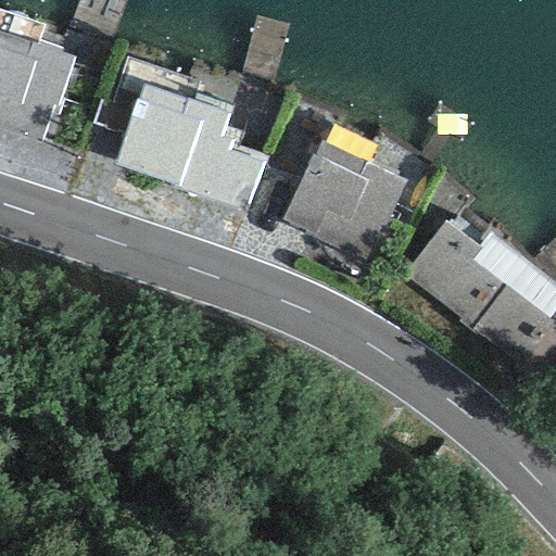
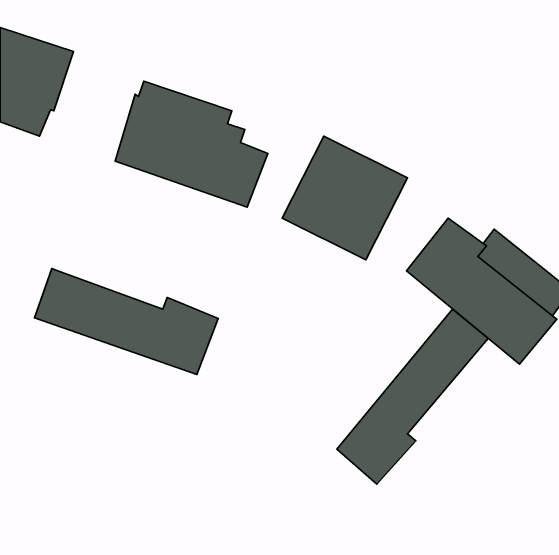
building: none -> [35,268,218,375]
building: none -> [337,309,488,484]

